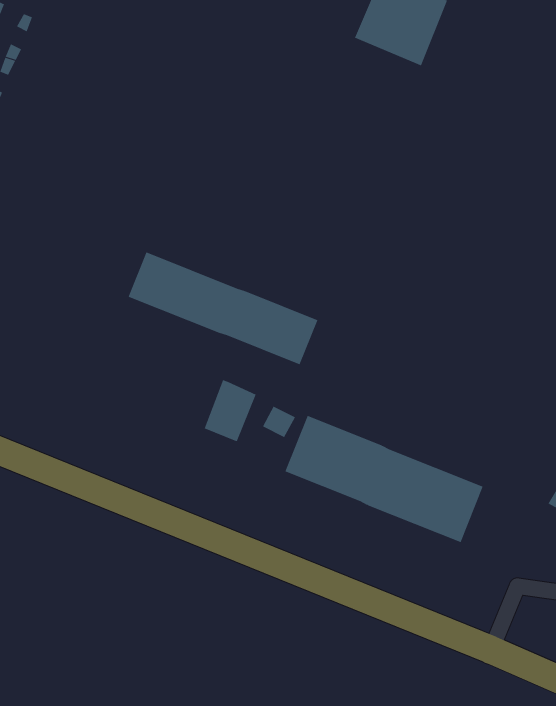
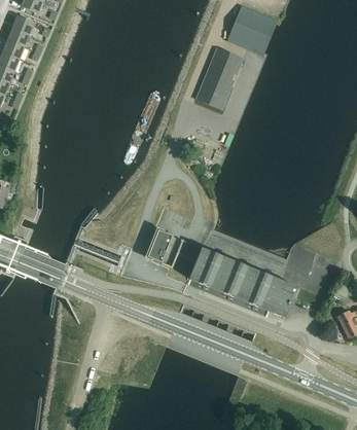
building: none -> [195,46,244,109]
building: [128,252,318,365] -> none

